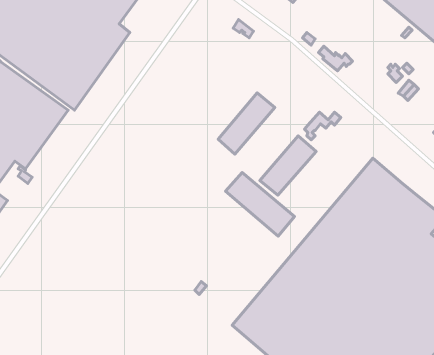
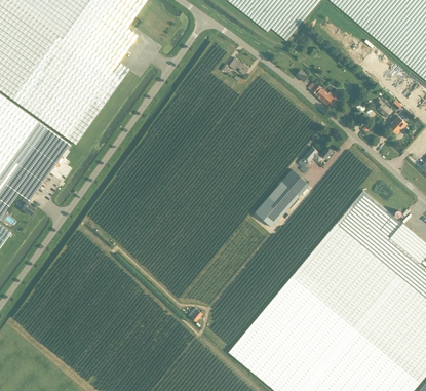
building: [218,93,275,154] -> none
building: [225,172,295,236] -> none

